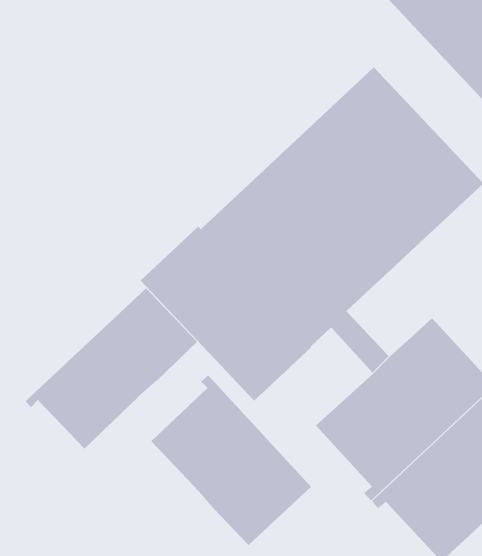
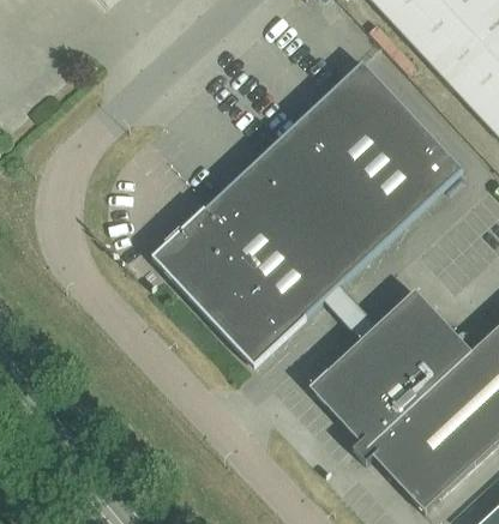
building: [25,287,198,449] -> none
building: [150,375,312,546] -> none

